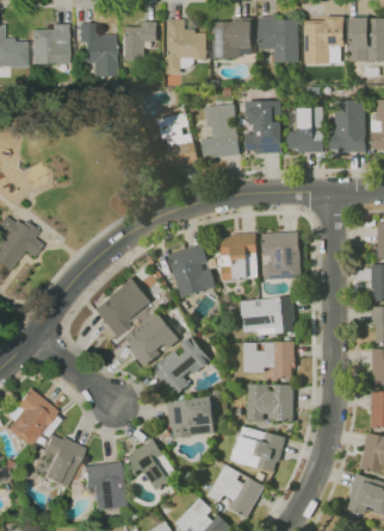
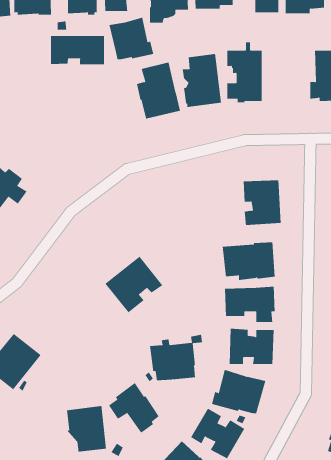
building: none -> [109,17,154,60]
building: none -> [51,35,105,65]
building: [287,107,326,152] -> none
building: [219,232,258,280] -> none
building: [168,243,217,298] -> none
building: [92,275,151,338] -> none
building: [153,336,212,395] -> none
building: [38,435,83,487] -> none

